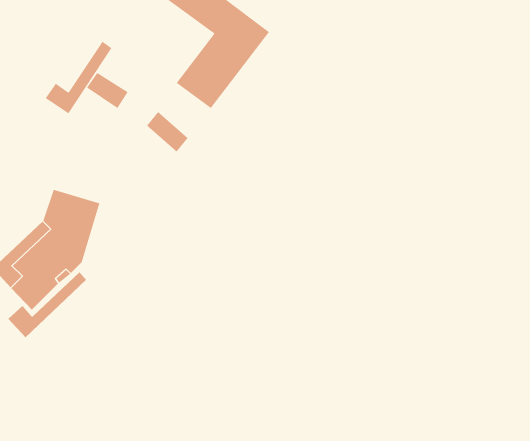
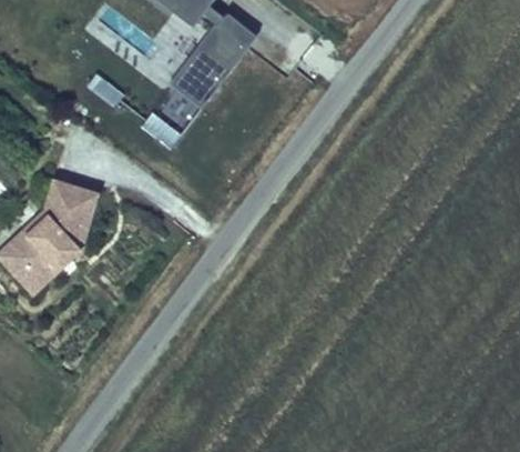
building: [45,41,112,114] -> none
building: [7,271,87,338] -> none

